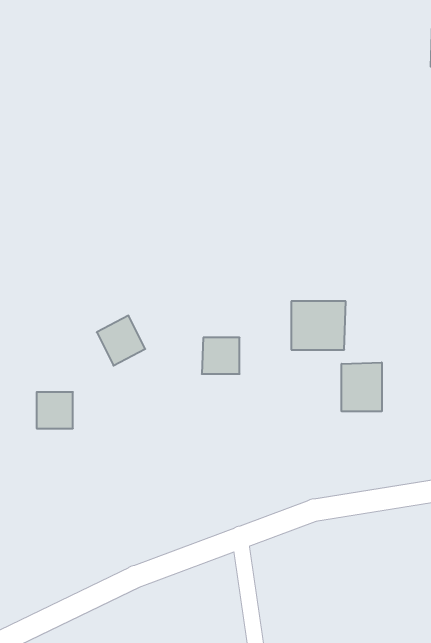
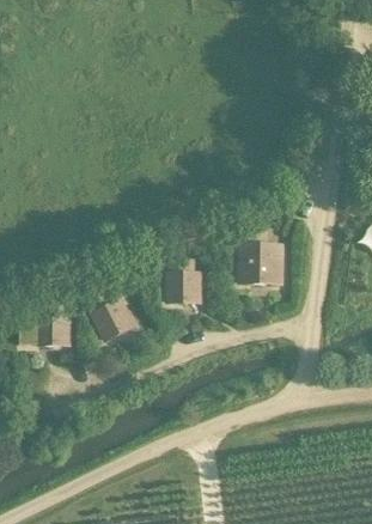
building: [97,316,145,366] -> [93,301,132,341]
building: [342,362,382,411] -> none

